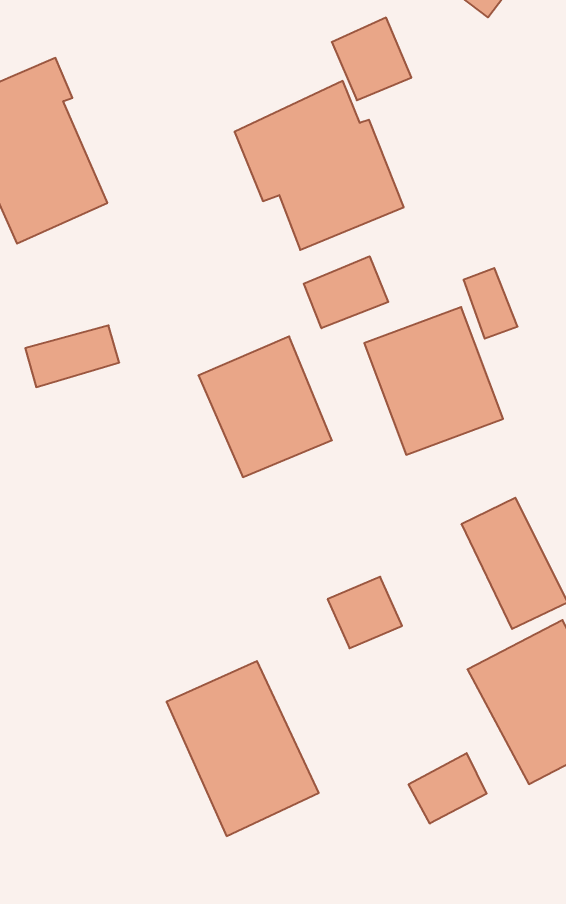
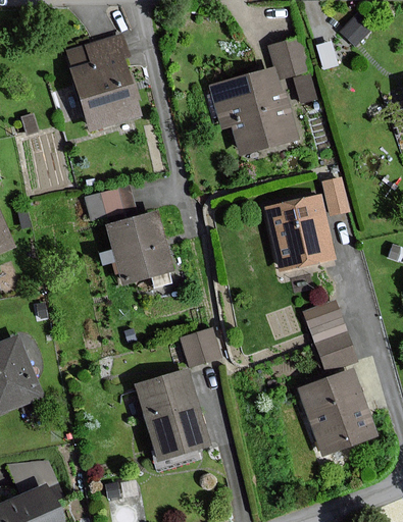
building: [304,256,388,328] -> none
building: [198,336,332,477] -> [106,211,172,282]
building: [328,577,402,648] -> [183,329,220,365]
building: [409,753,487,824] -> none

